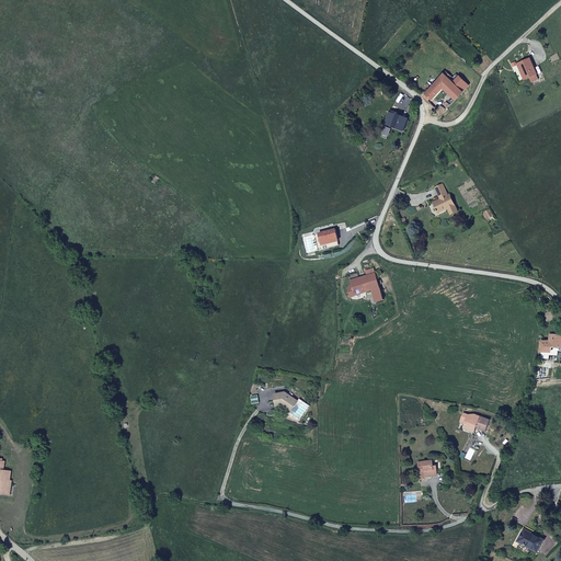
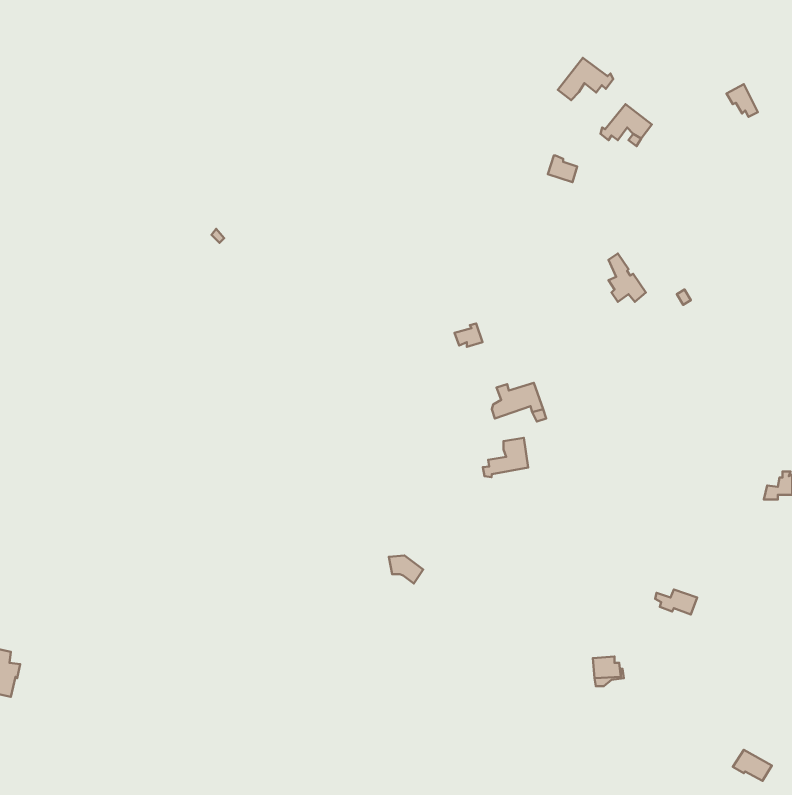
building: none -> [558,58,613,100]
building: none -> [483,438,528,477]

